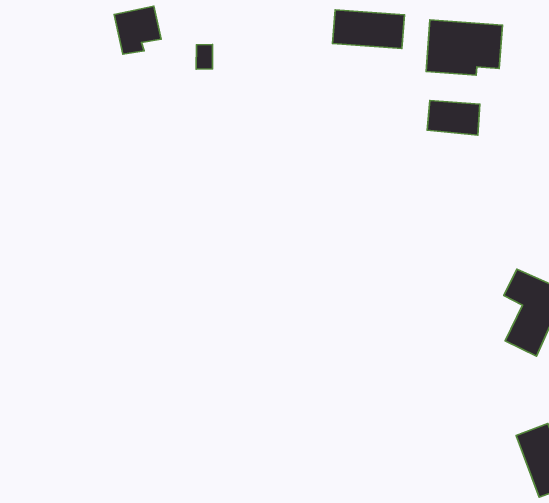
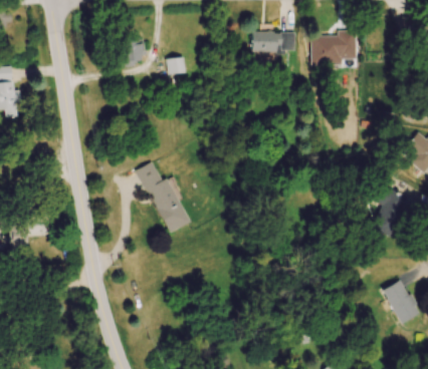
building: [427,100,480,135] -> none
building: none -> [138,159,188,233]

